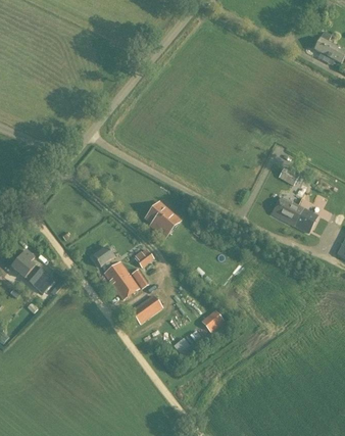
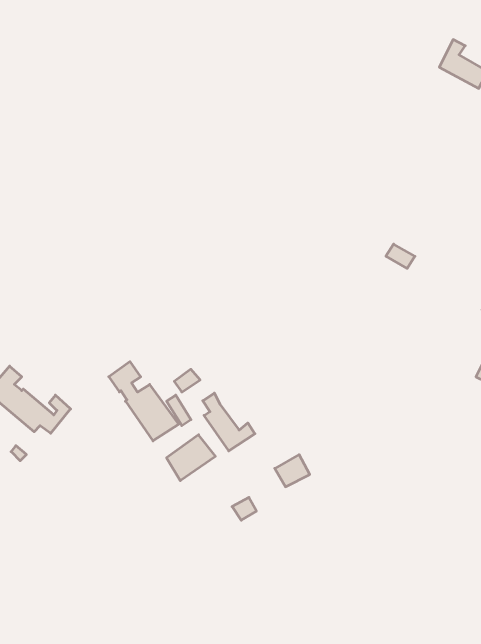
building: [272,196,316,232] -> none
building: [145,202,179,235] -> none
building: none -> [203,393,255,451]

